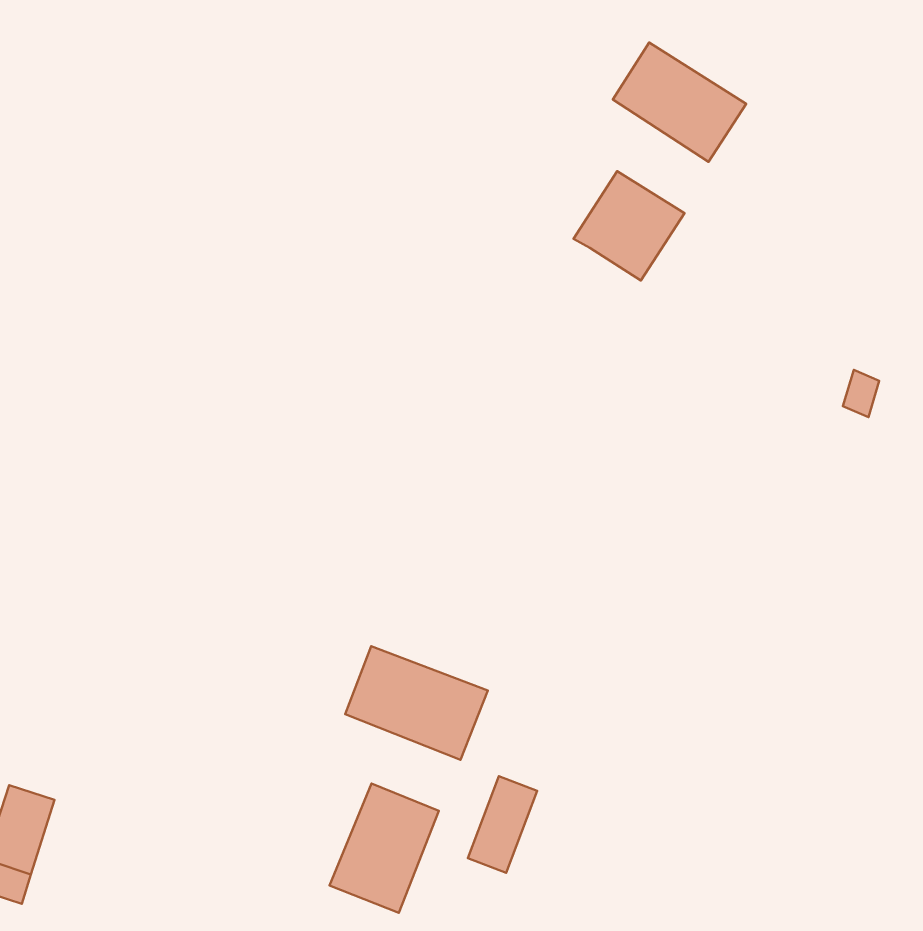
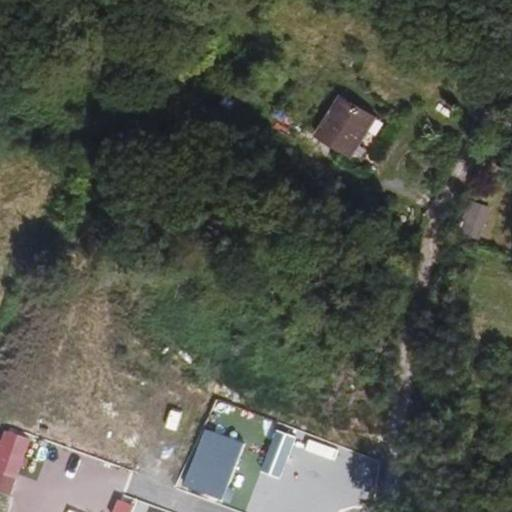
building: [613,42,746,162] -> none
building: [345,646,488,760] -> none

